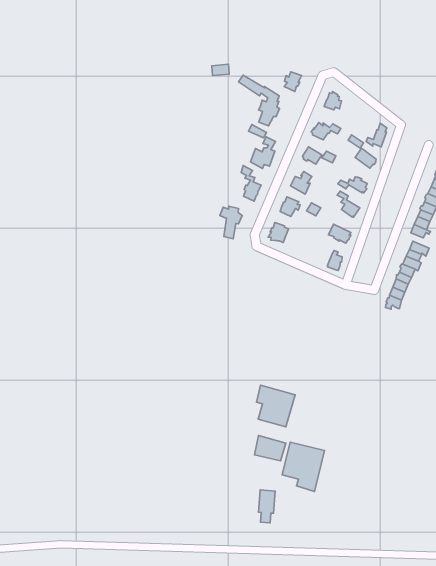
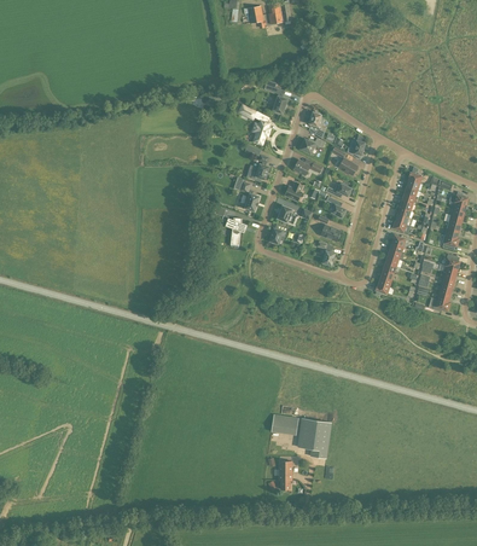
building: [257,385,295,427] -> none

